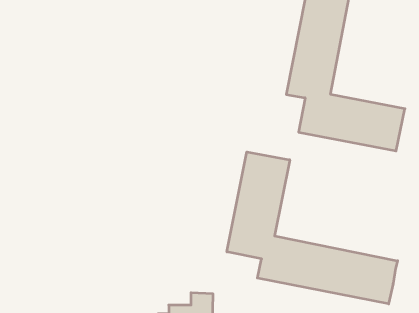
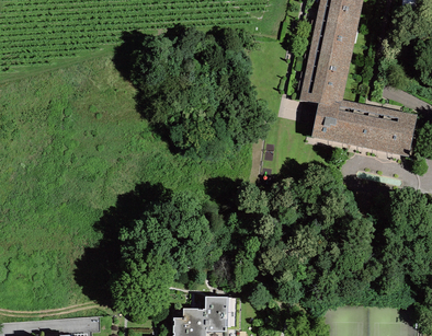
building: [227,152,398,304] -> none

